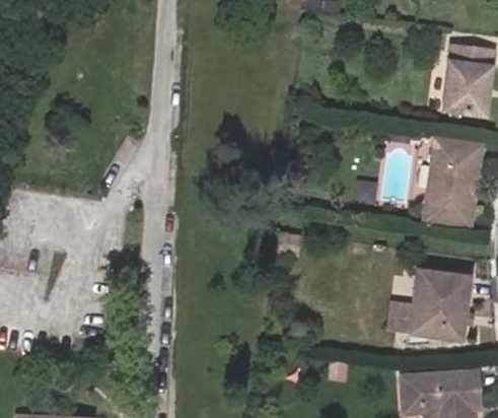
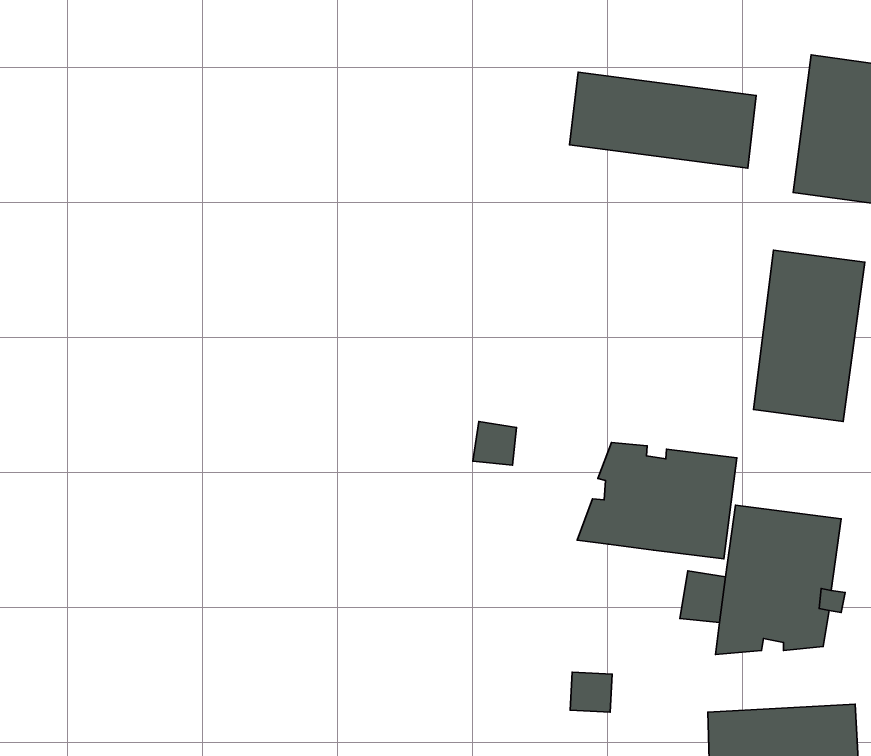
building: none -> [570,72,756,168]
building: none -> [577,443,737,559]

